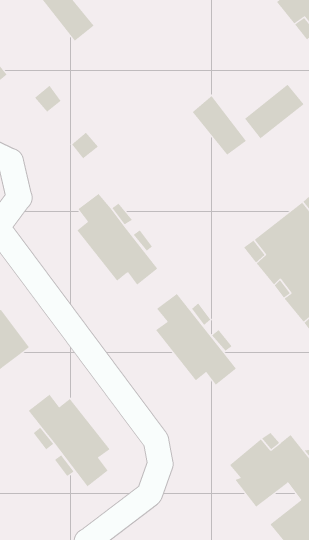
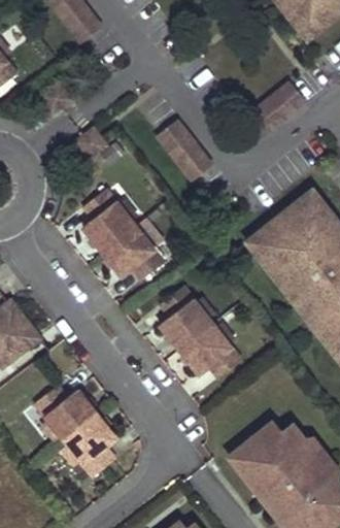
building: [192,95,247,156] -> [158,120,211,178]
building: none -> [258,470,301,510]

